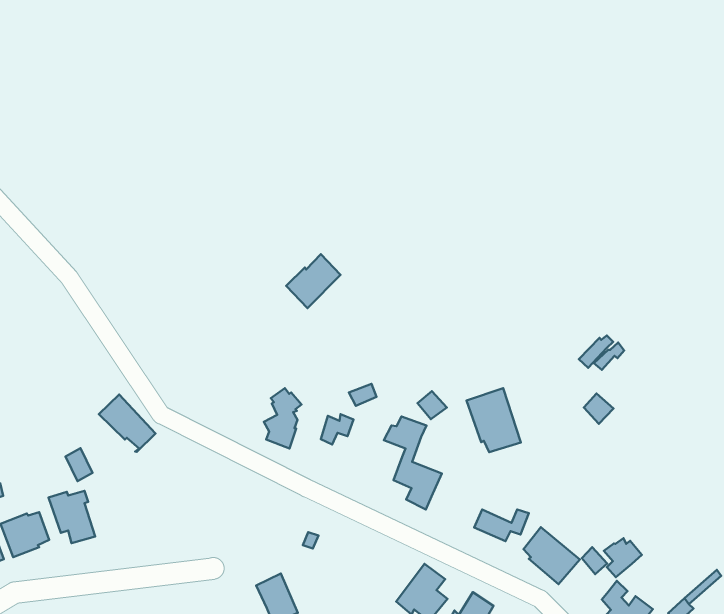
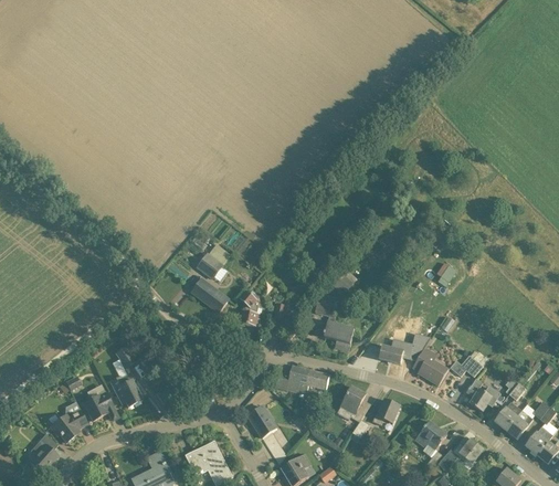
building: [286,254,341,308] -> [197,243,230,278]
building: [467,388,521,452] -> none
building: [99,395,156,452] -> [191,277,229,311]
building: none -> [286,364,329,393]

